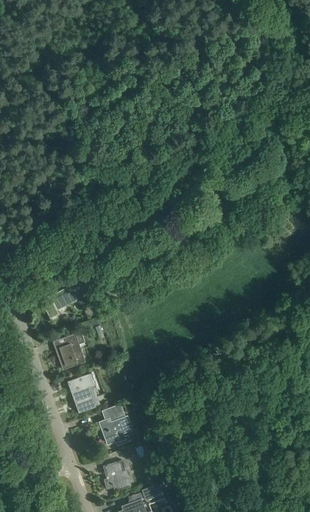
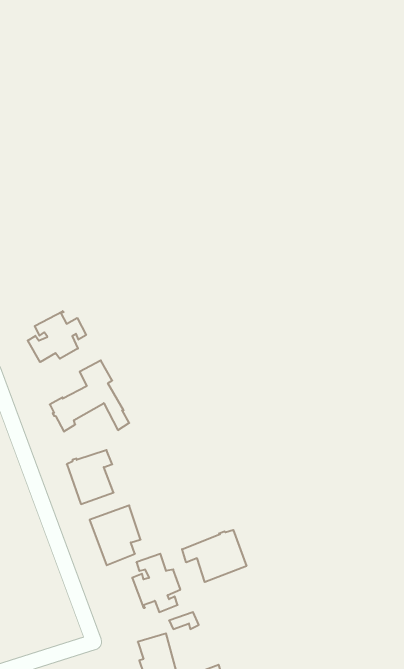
building: none -> [28,311,86,362]
building: none -> [182,530,246,582]

